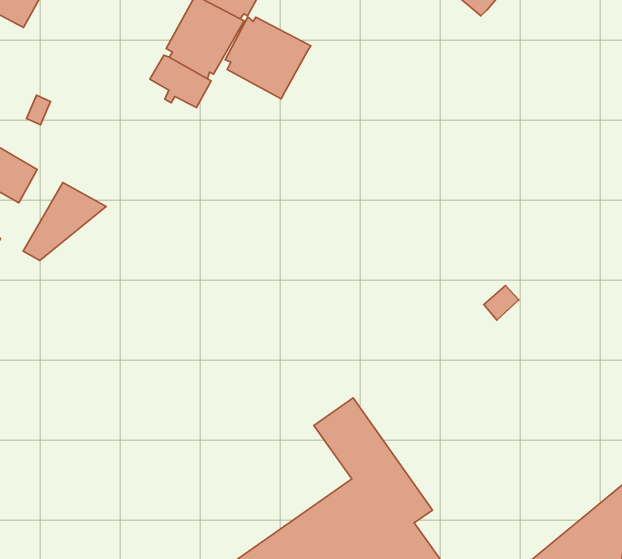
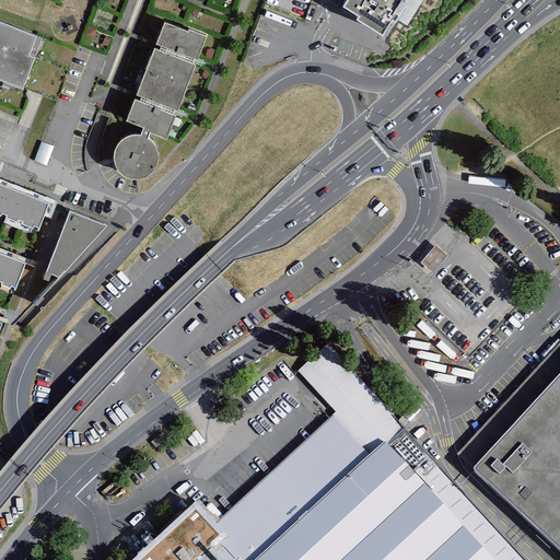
building: [225,17,311,99] -> none
building: none -> [116,130,160,174]

